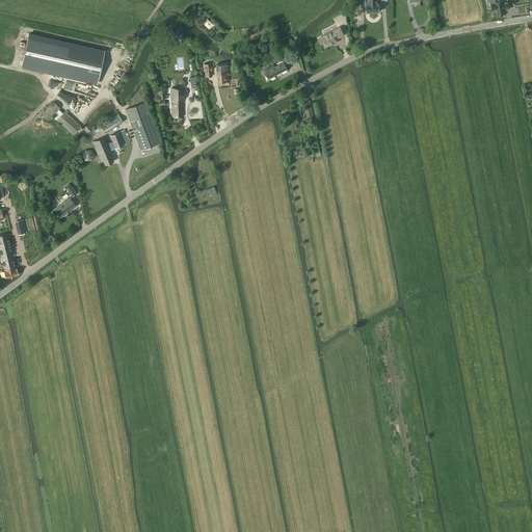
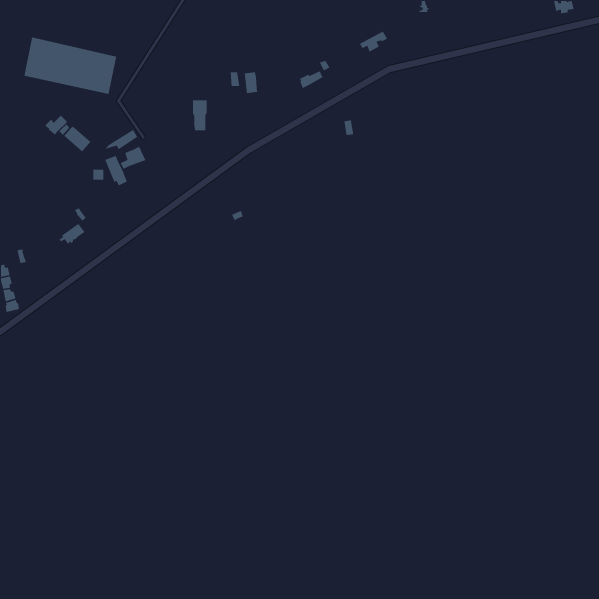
building: [125,102,160,151] -> none

